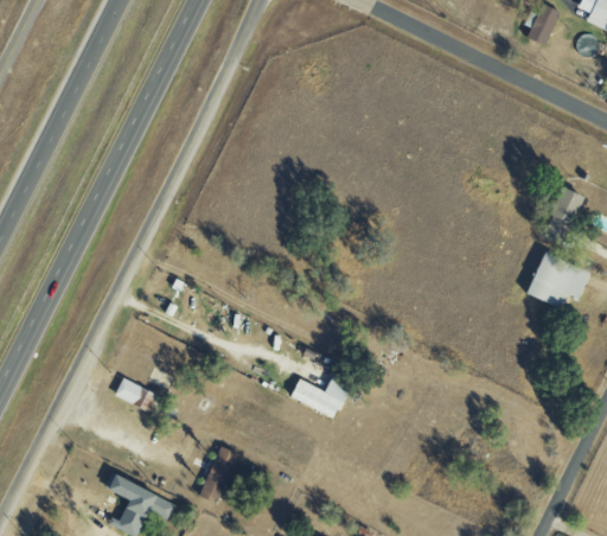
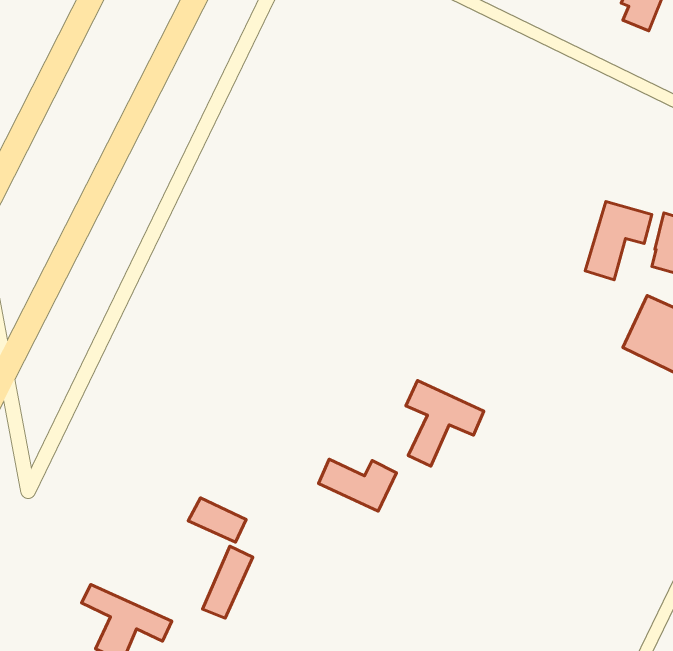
building: none -> [585,201,652,280]
building: none -> [406,380,484,466]
building: [114,377,159,411] -> [188,498,246,542]

